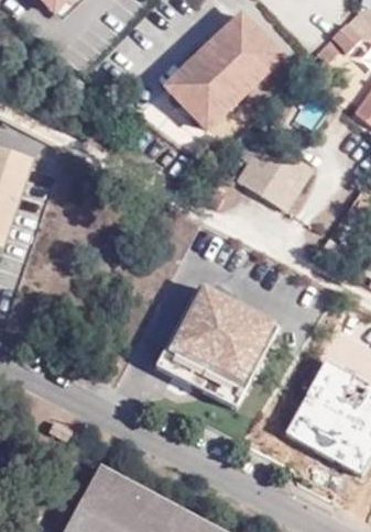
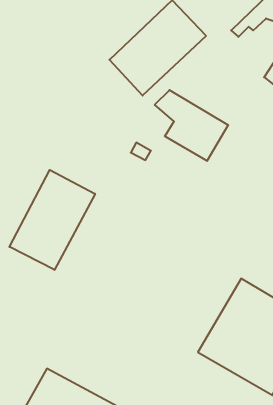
building: none -> [9,170,95,270]
building: [157,289,282,412] -> none

